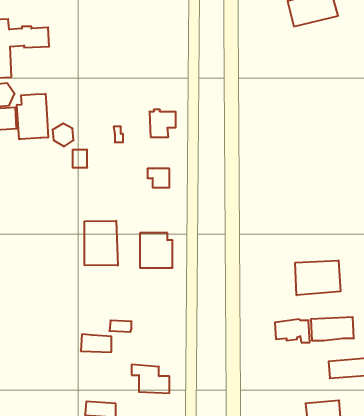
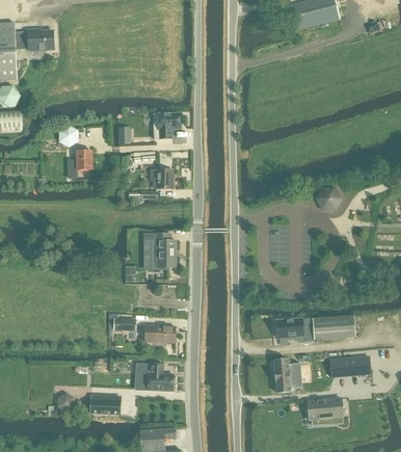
building: [17,94,48,139] -> none
building: none -> [316,187,341,209]
building: [85,221,118,266] -> none
building: [295,260,341,295] -> none
building: [81,334,111,352] -> [144,324,175,342]
building: none -> [273,358,301,392]

